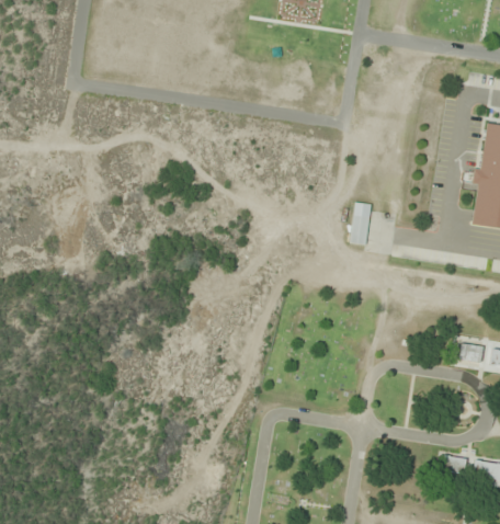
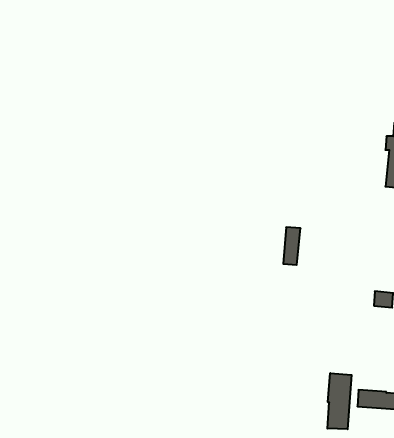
building: [351,203,371,246] -> [283,227,301,265]
building: none -> [327,373,352,429]

